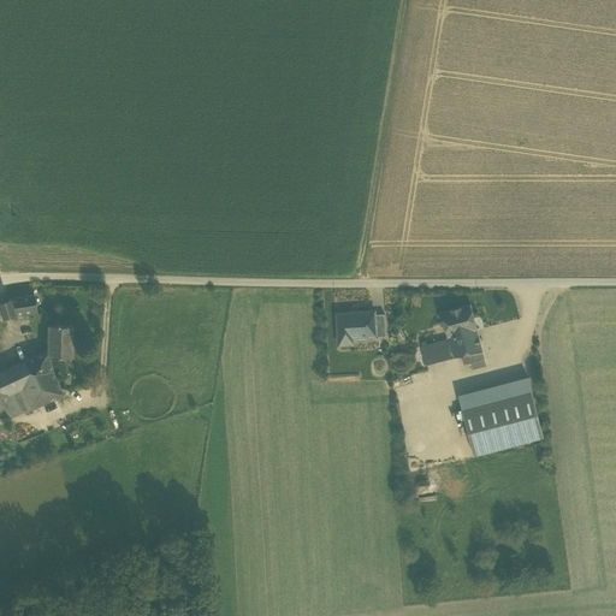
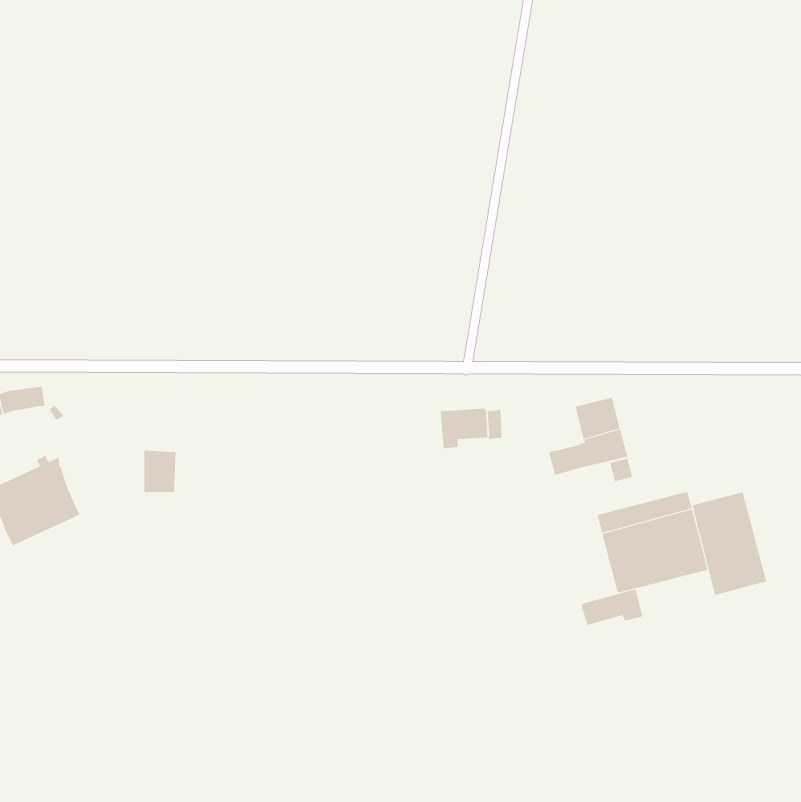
building: [46,325,71,357] -> [144,450,176,493]
building: none -> [692,492,767,596]
building: none -> [581,589,643,626]

